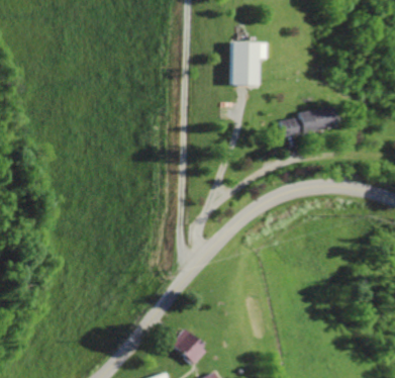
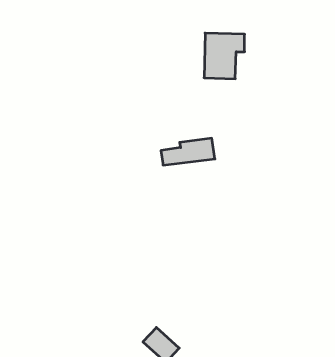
building: [281,108,333,134] -> [161,138,215,165]

